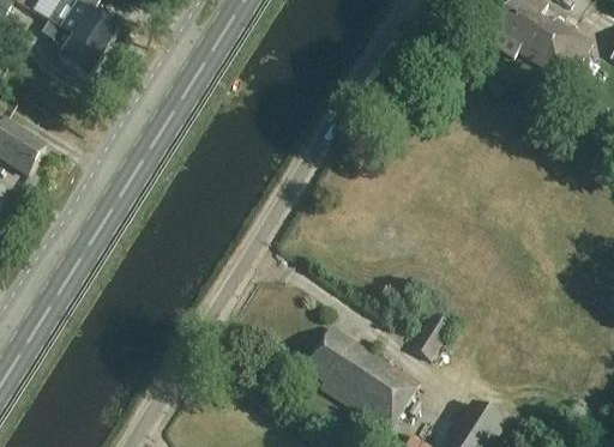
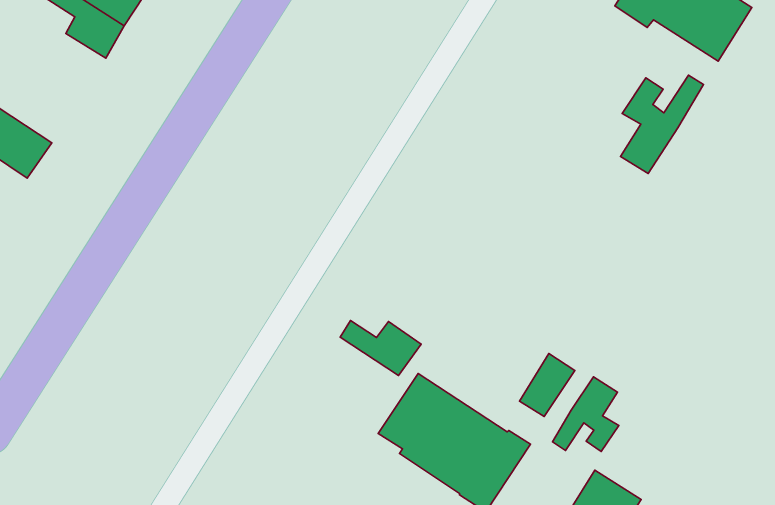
building: none -> [621,75,703,173]
building: none -> [340,321,421,376]
building: none -> [552,377,619,451]

